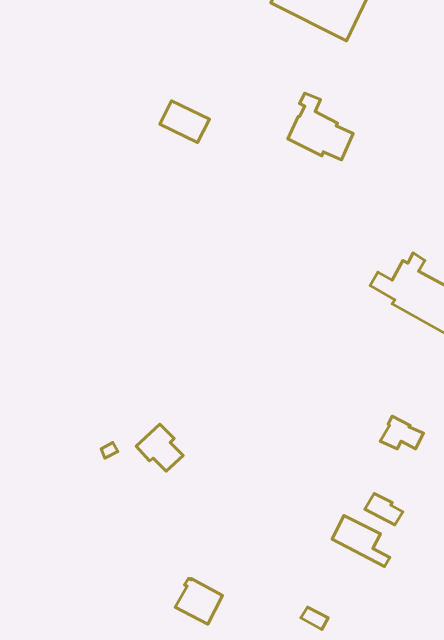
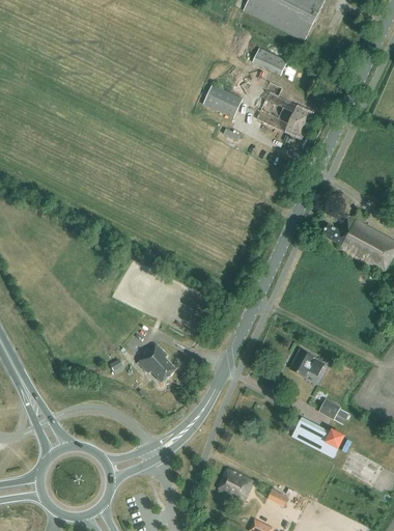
building: none -> [254,49,288,75]
building: [160,101,209,143] -> [203,83,243,116]
building: [380,416,423,449] -> [289,351,323,376]
building: [175,578,222,624] -> [218,467,255,503]

